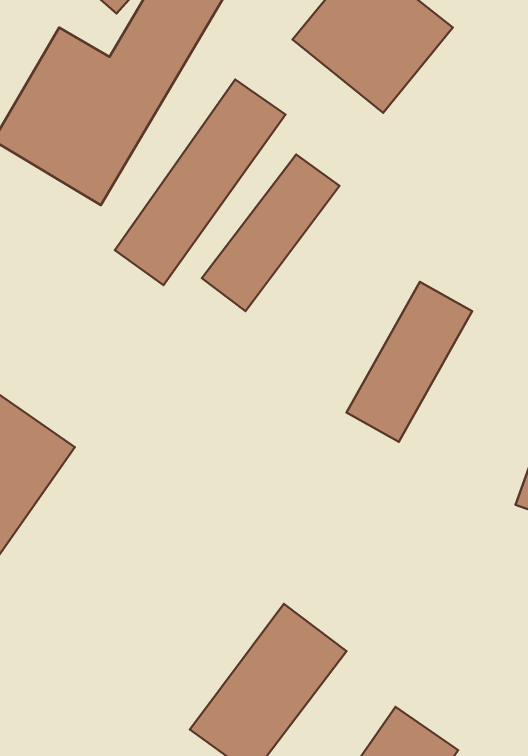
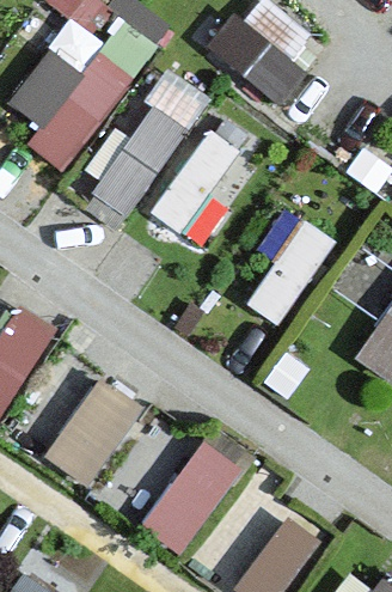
building: none -> [45,374,143,488]

